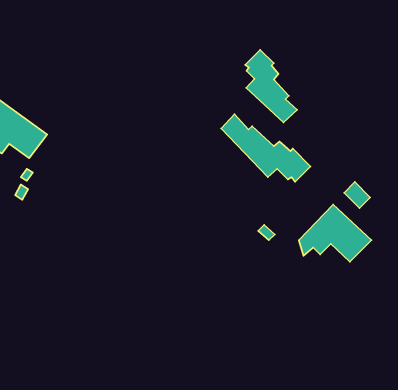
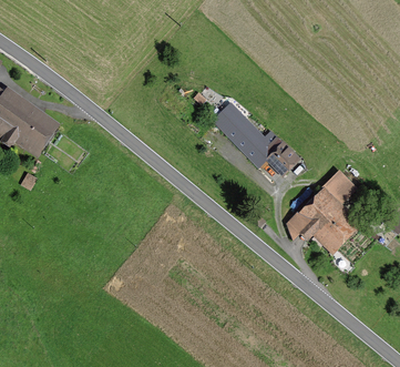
building: [245,50,297,123] -> none

